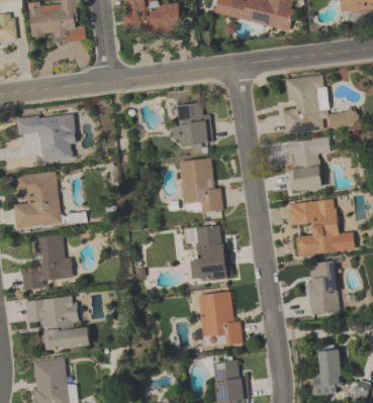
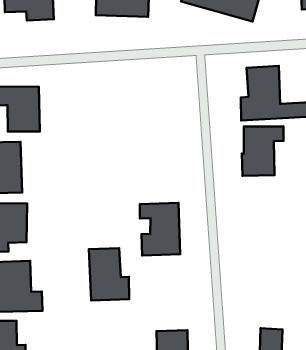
building: [173,103,210,145] -> none
building: [179,158,219,212] -> none
building: [289,198,355,257] -> none
building: [306,261,341,315] -> none
building: [198,291,244,347] -> [89,248,129,301]

